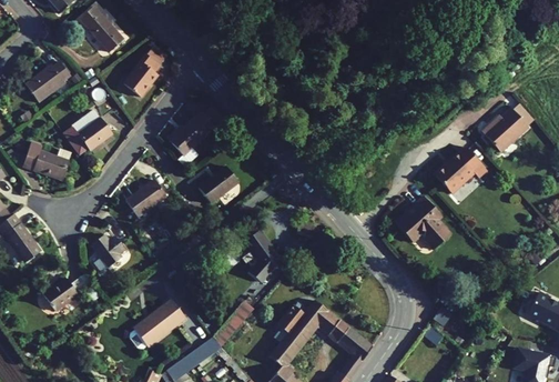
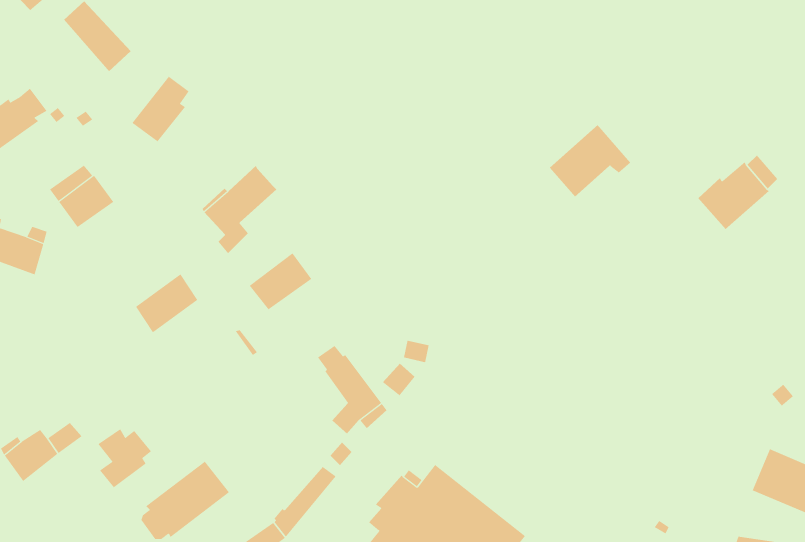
building: [434,147,486,193] -> [549,124,631,198]
building: [396,197,450,250] -> none
building: [90,235,124,273] -> [98,429,152,488]

